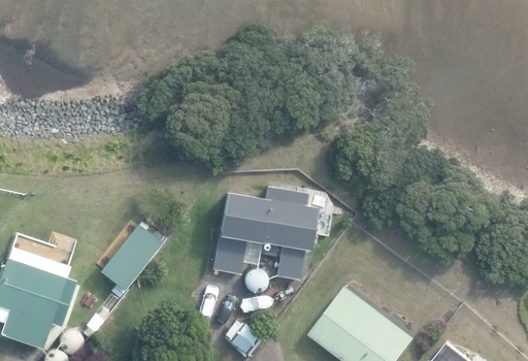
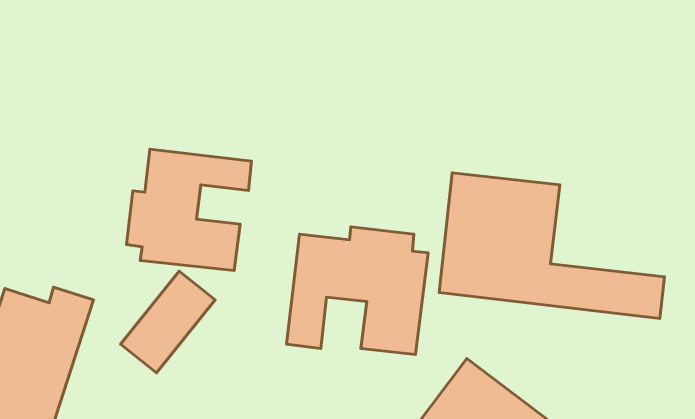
building: none -> [126,149,252,271]
building: none -> [439,173,665,318]

